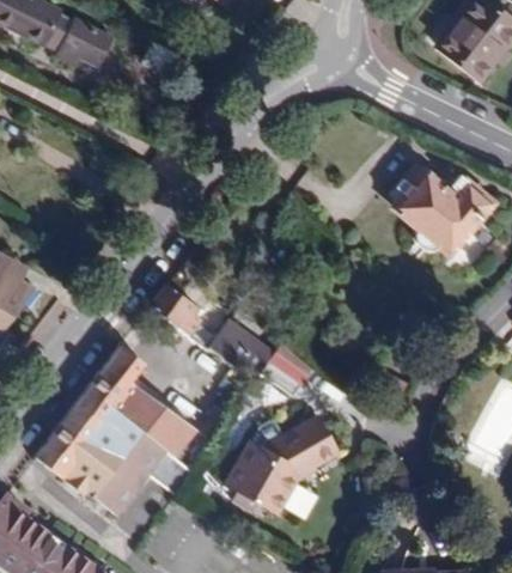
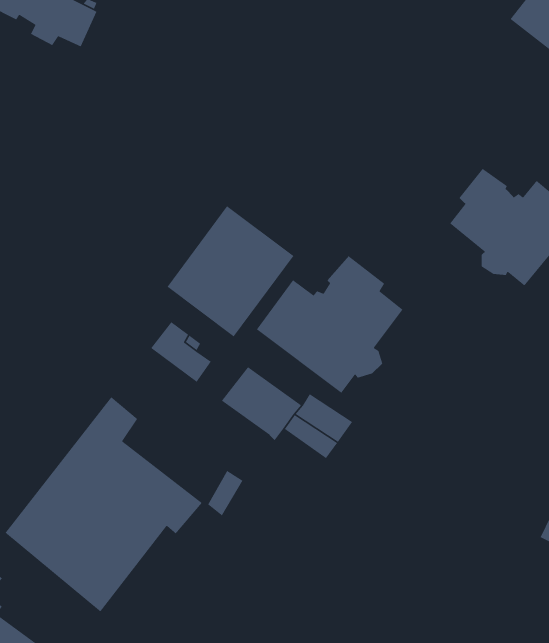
building: none -> [166,205,294,337]
building: none -> [256,255,403,394]
building: [223,425,342,524] -> none

